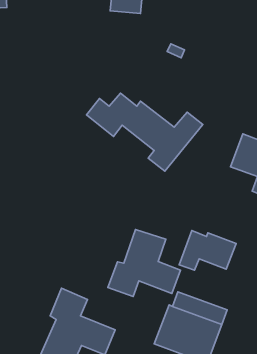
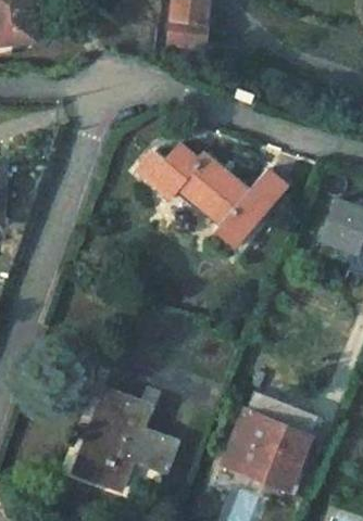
building: [108,229,181,296] -> none
building: [179,231,236,270] -> none

